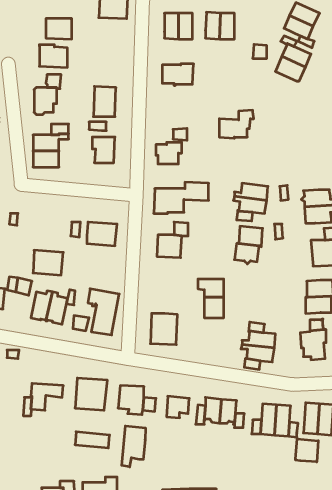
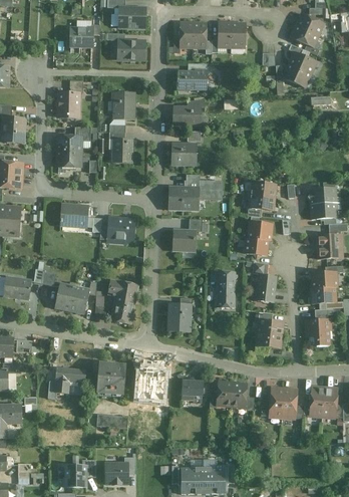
building: [39,45,67,67] -> [118,39,144,60]
building: [219,110,254,138] -> [172,99,205,126]
building: [33,250,63,275] -> [60,204,88,227]
building: none -> [253,274,279,303]
building: [122,426,145,467] -> none
building: [296,439,318,462] -> none

